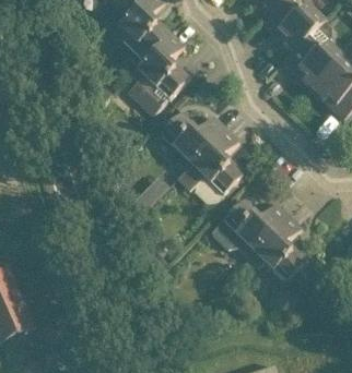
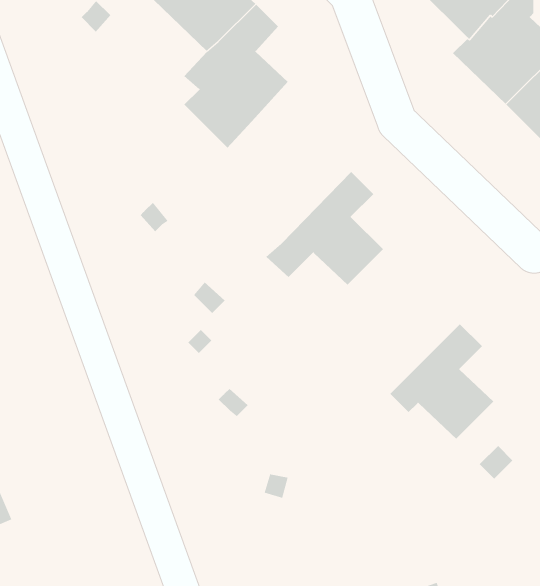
building: [159,111,225,169] -> none
building: [210,197,288,255] -> none

